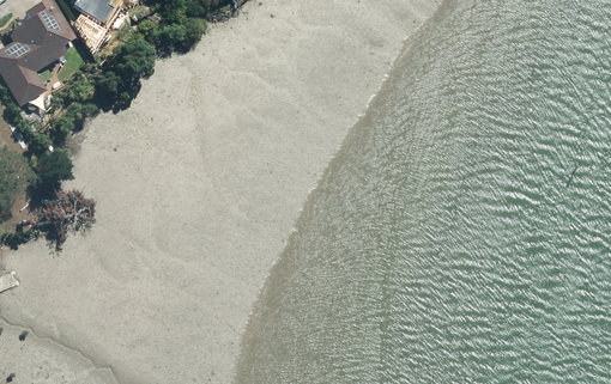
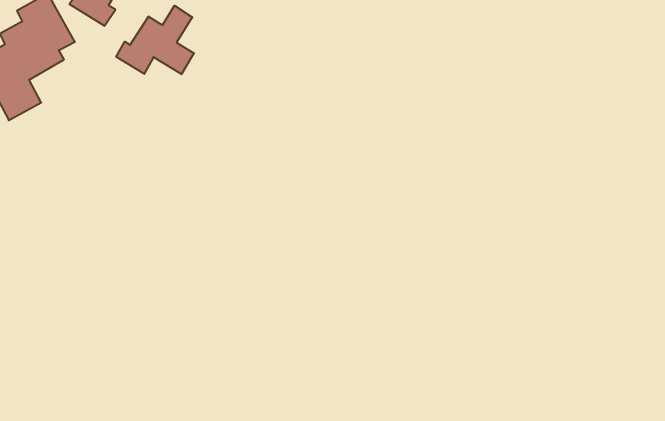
building: none -> [116,6,194,74]

